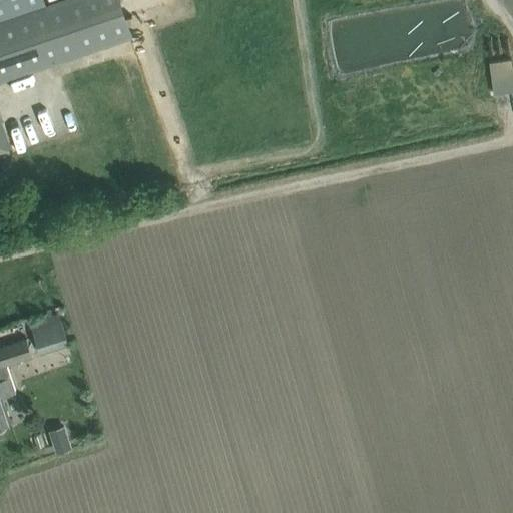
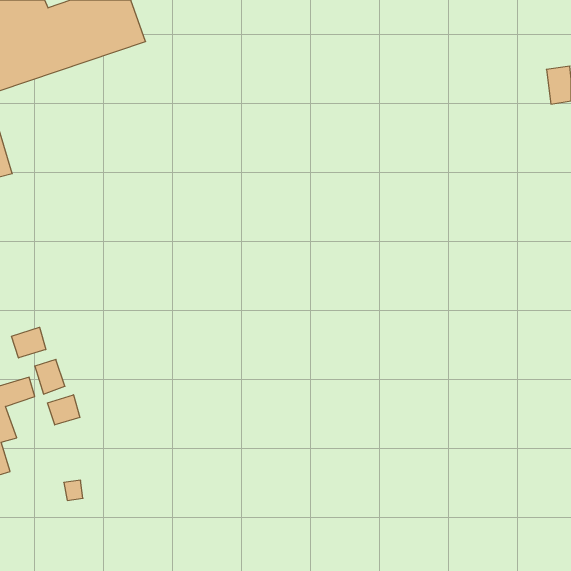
building: none -> [11,327,46,358]
building: none -> [48,395,80,425]

